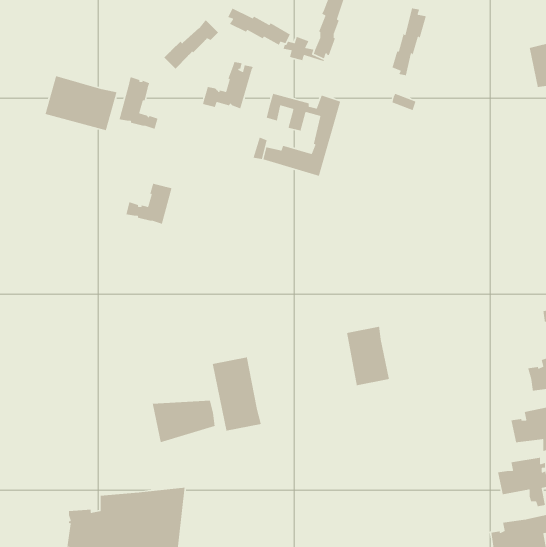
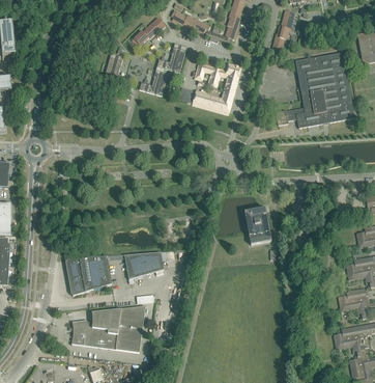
building: [44,75,117,131] -> none
building: none -> [276,52,353,128]
building: [126,183,173,225] -> [138,70,167,95]
building: [212,357,262,431] -> none
building: none -> [65,256,111,295]

